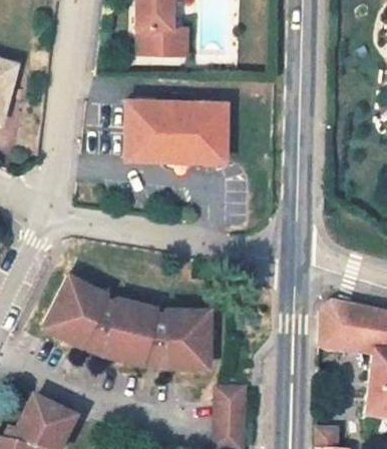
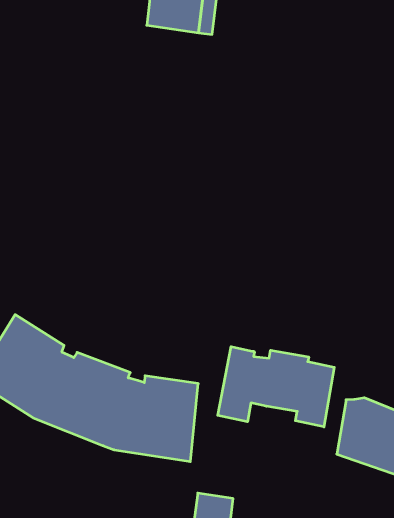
building: [125,99,228,162] -> none
building: none -> [218,347,334,427]

